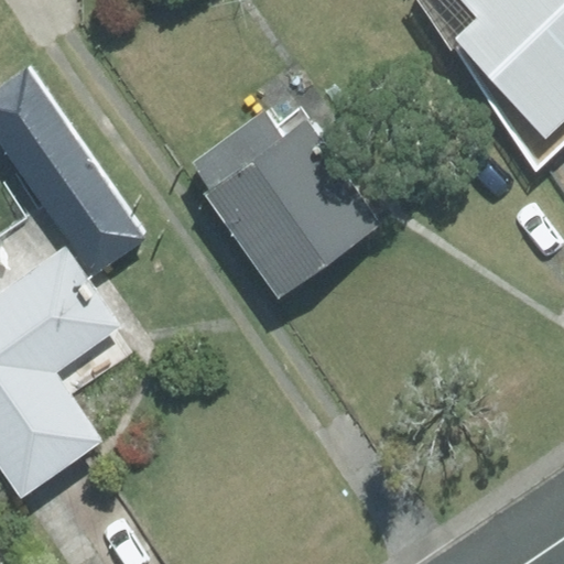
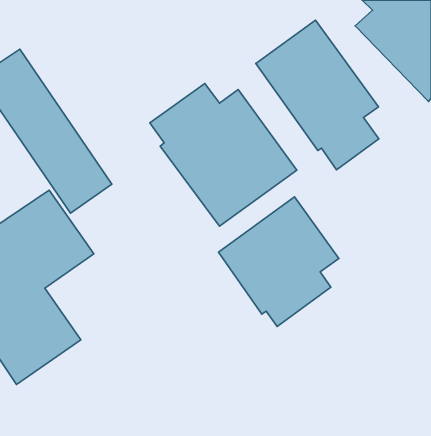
building: none -> [256,20,379,170]
building: none -> [218,197,339,326]

